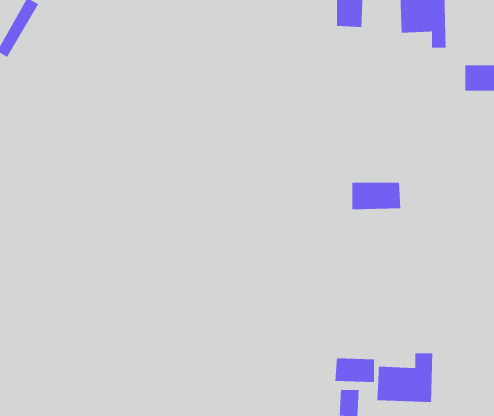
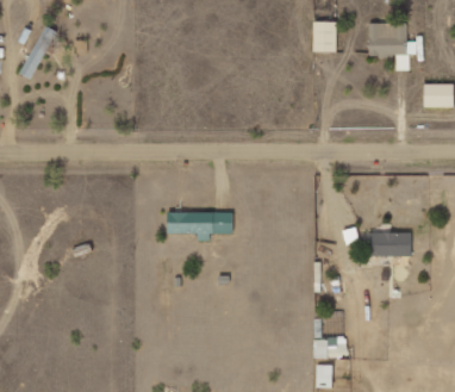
building: [351,182,401,210] -> [368,232,411,256]
building: none -> [167,212,233,241]
building: [377,352,433,403] -> none

